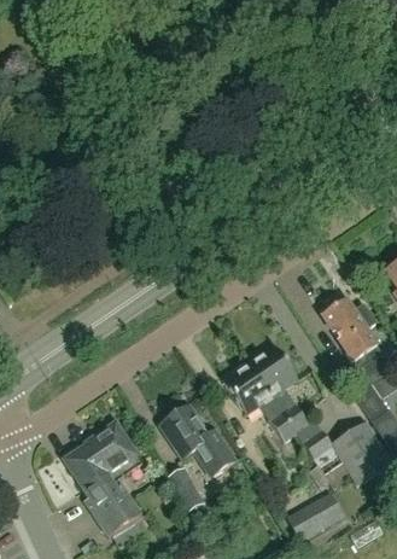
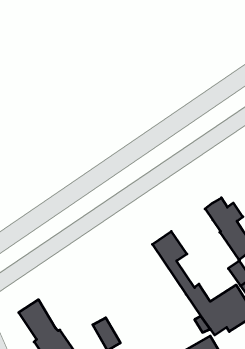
building: [222,363,296,442] -> none
building: [162,407,232,474] -> none
building: [89,421,138,481] -> none

